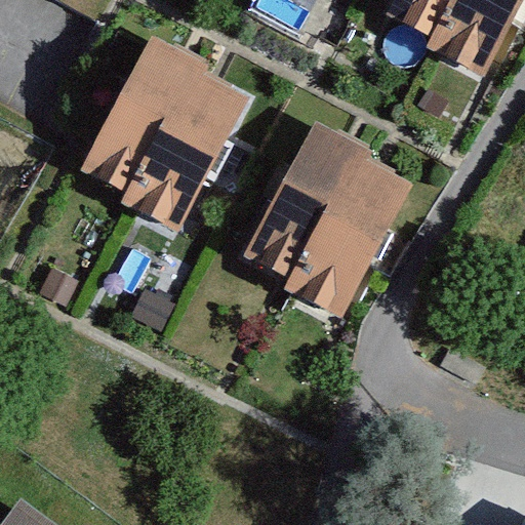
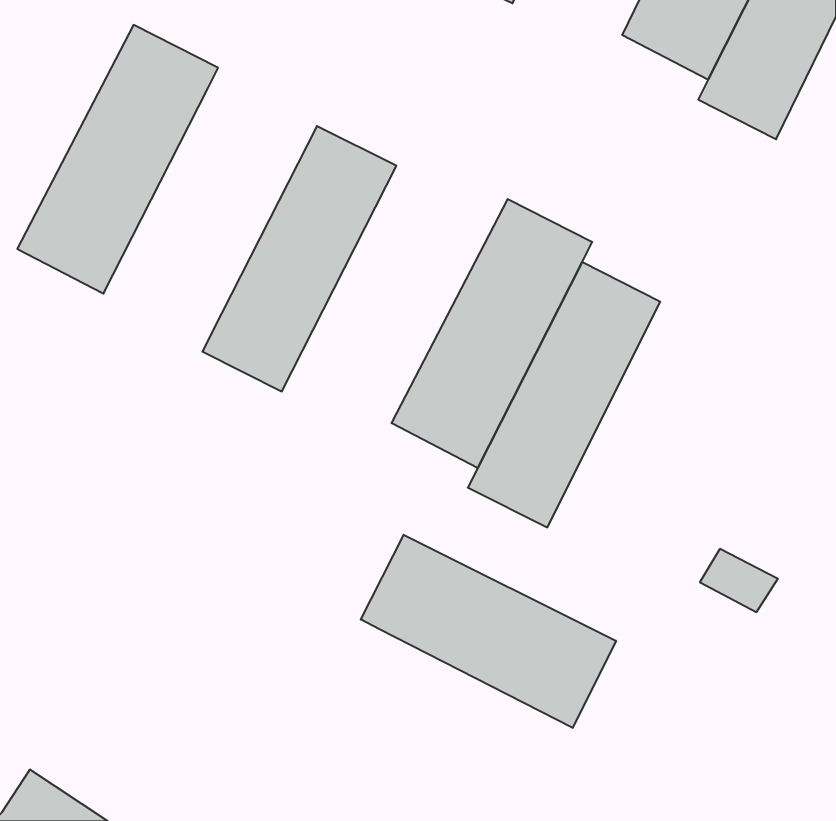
building: [78,39,202,205] -> [17,25,218,294]
building: none -> [361,535,616,728]

